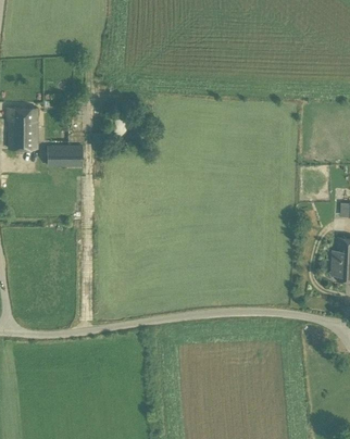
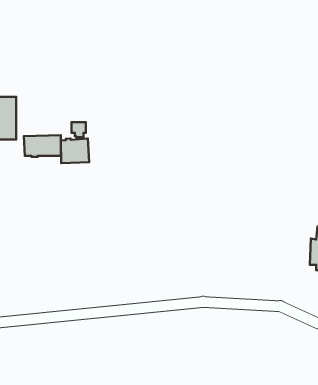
building: none -> [61,138,89,163]

